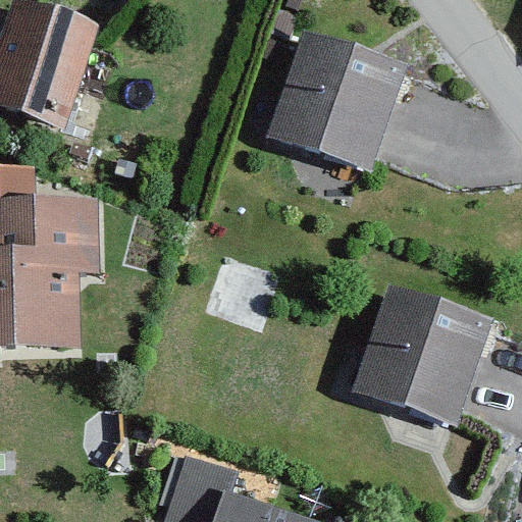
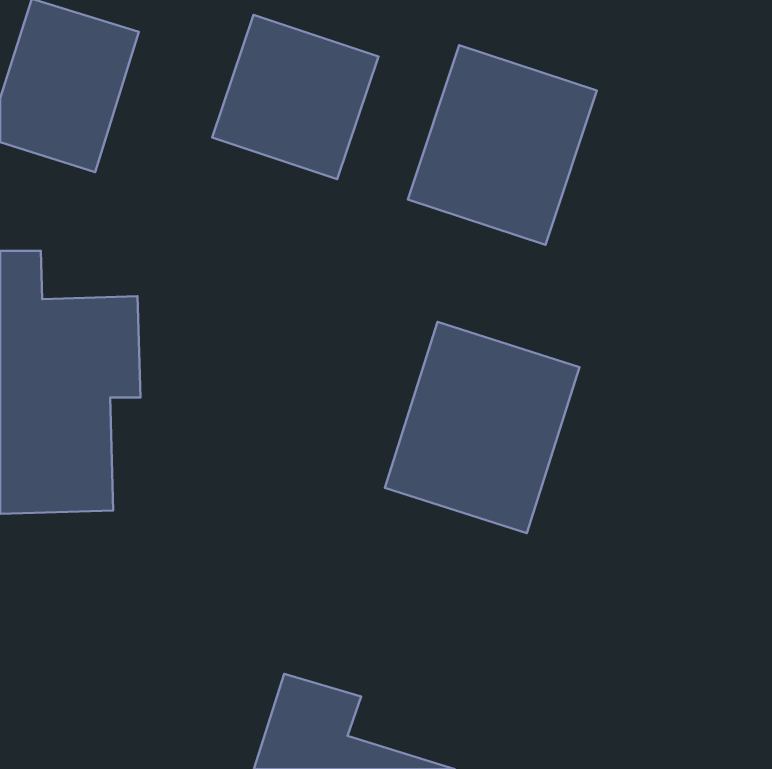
building: none -> [212,15,378,179]
building: [357,285,488,428] -> [385,322,580,533]

